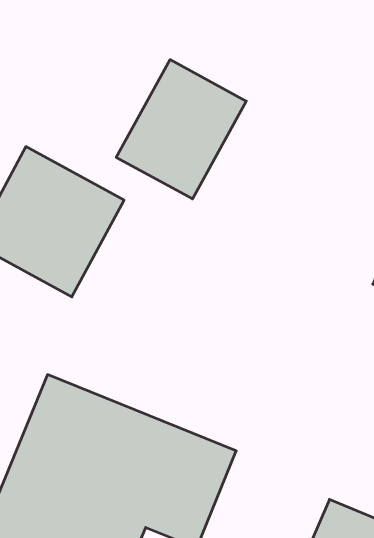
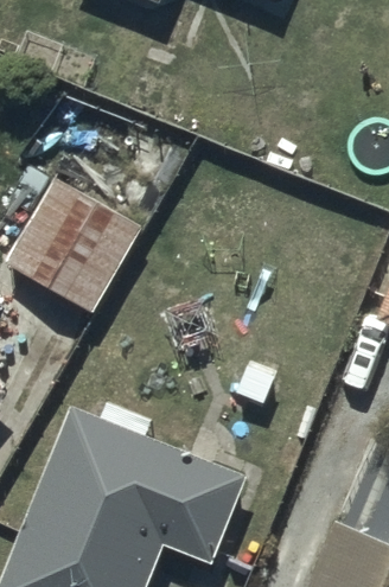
building: [116,60,246,199] -> none

